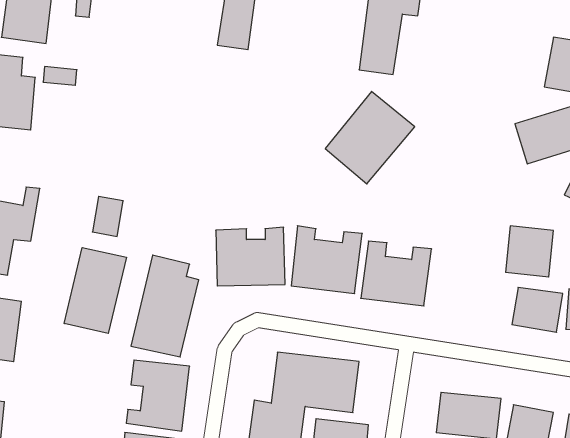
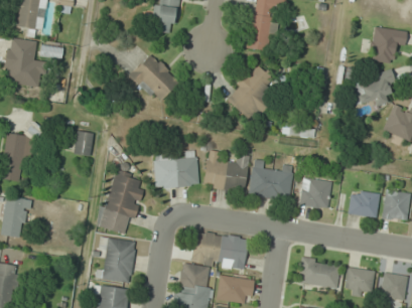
building: none -> [130,52,180,103]
building: [506,226,553,277] -> [300,176,331,209]
building: [64,248,126,333] -> none

